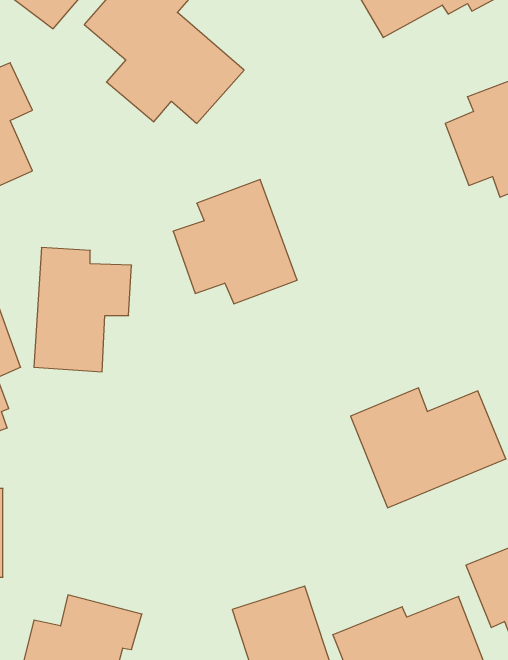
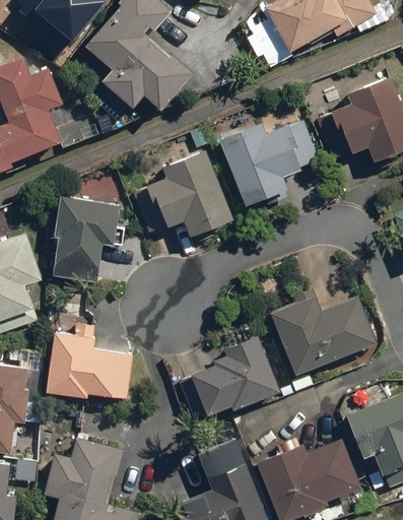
building: none -> [222,125,312,204]
building: none -> [43,330,118,394]
building: none -> [175,335,282,416]

